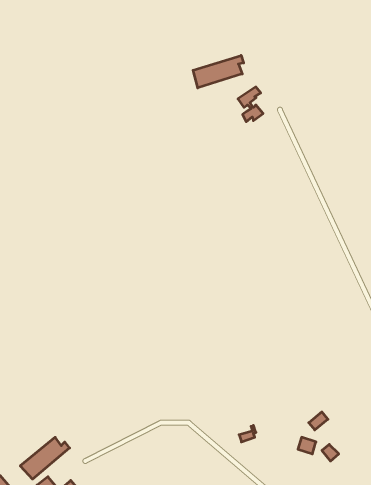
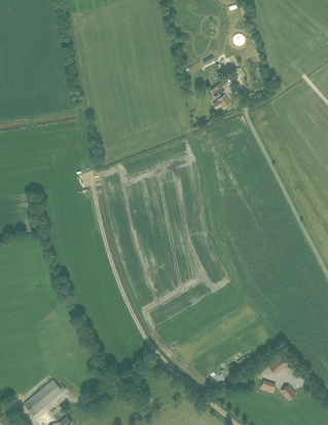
building: [193,55,244,88] -> none

